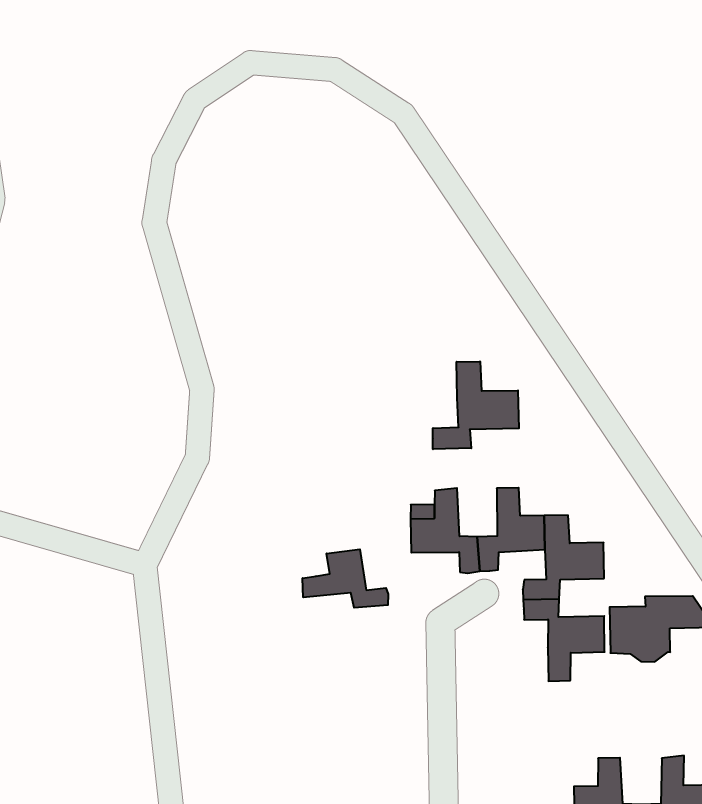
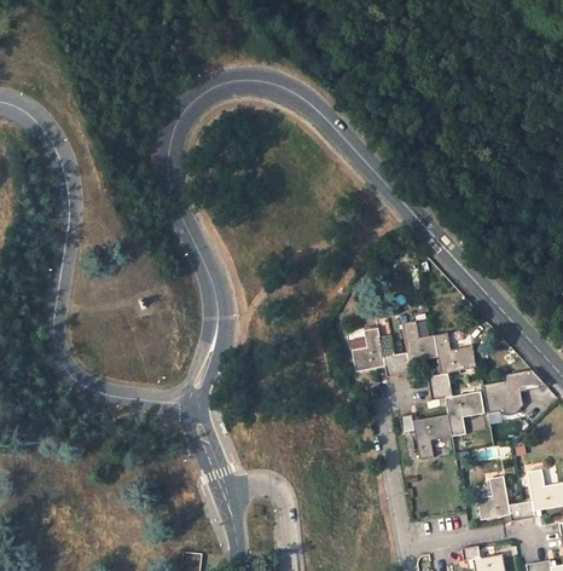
building: [433,361,519,449] -> none
building: [303,549,388,608] -> none
building: none -> [400,414,452,458]

